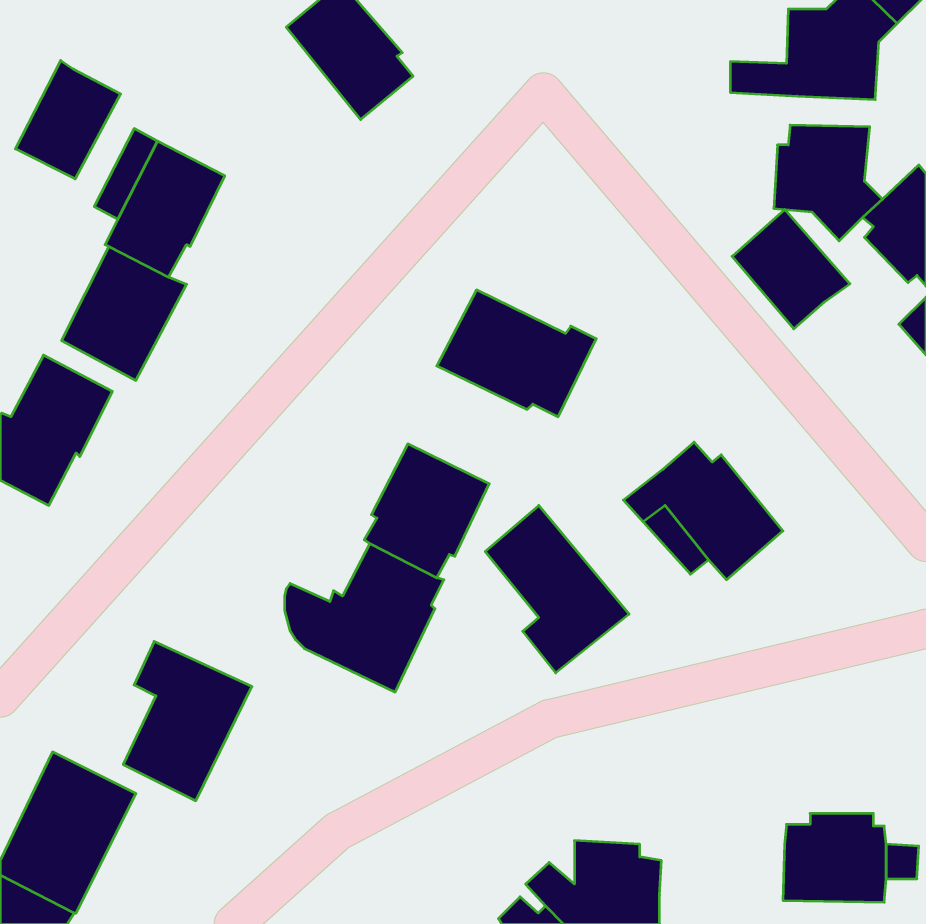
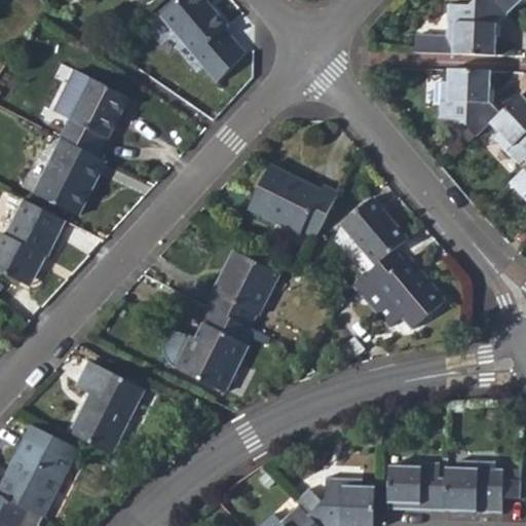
building: [15,60,121,179] -> none
building: [732,209,850,329] -> [341,198,408,266]
building: [485,505,629,673] -> none
building: none -> [387,461,445,511]

